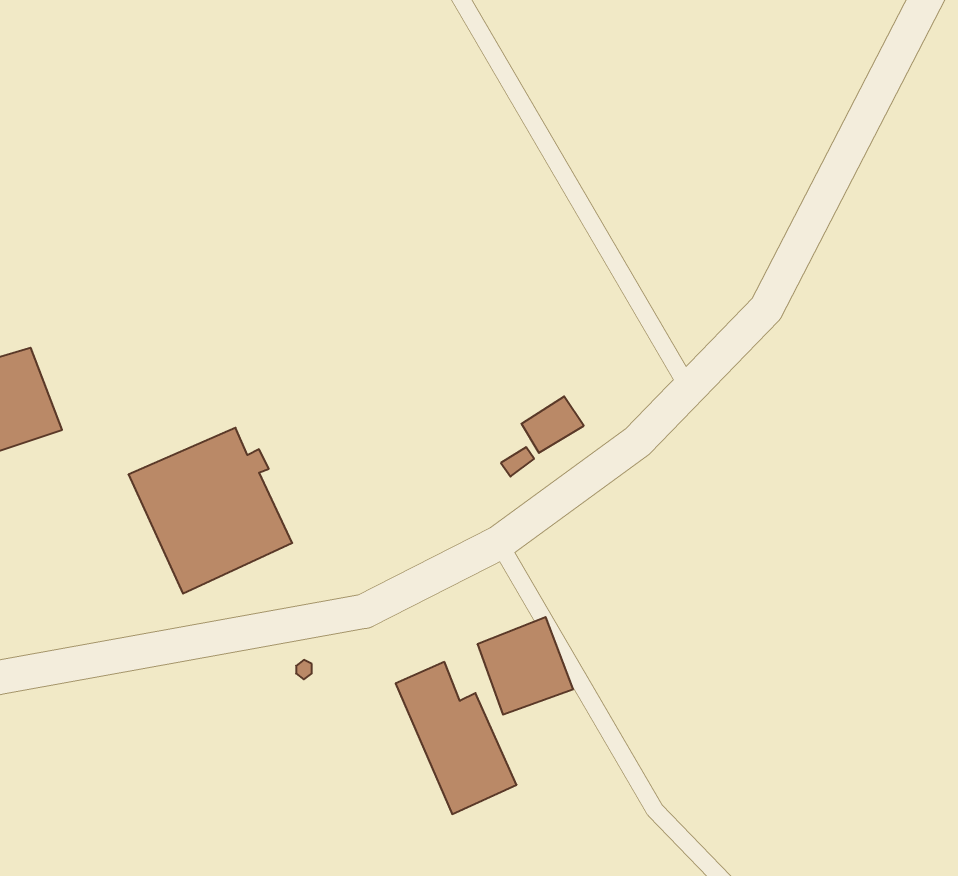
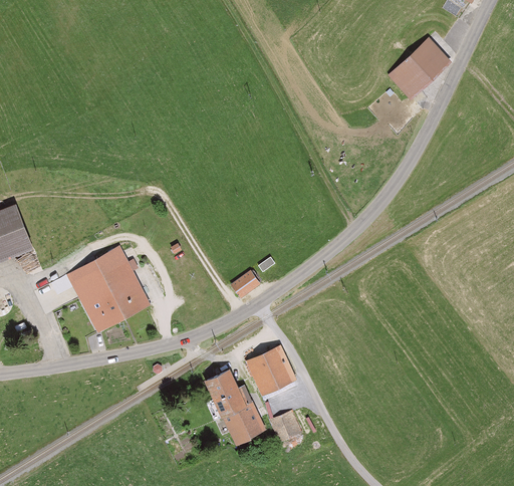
building: none -> [387,37,451,99]
building: [521,396,584,453] -> [230,270,262,299]
building: none -> [271,411,306,449]

